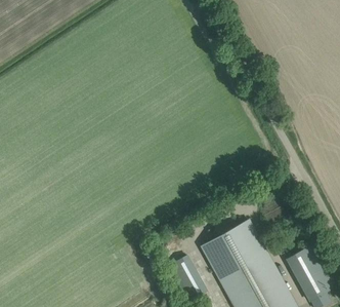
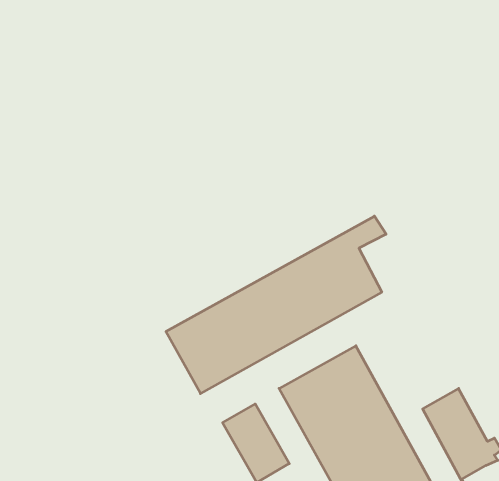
building: none -> [166,216,386,394]

